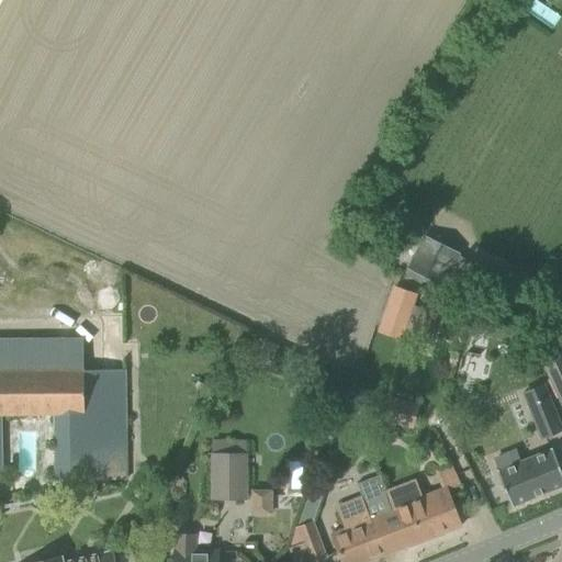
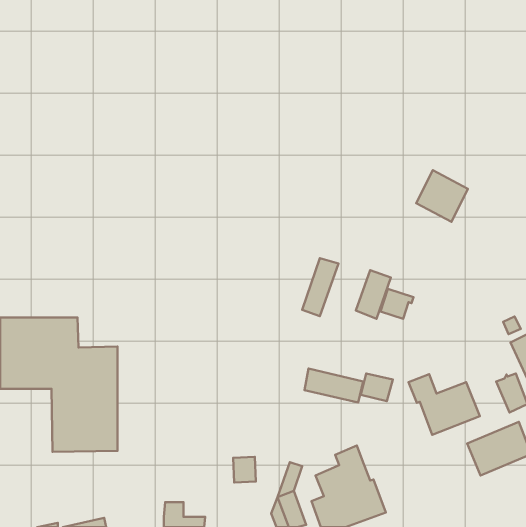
building: [407,234,462,289] -> [416,170,468,222]
building: none -> [302,258,338,316]
building: none -> [305,368,363,402]
building: [212,452,248,498] -> none
building: [386,481,462,546] -> [409,374,480,435]

